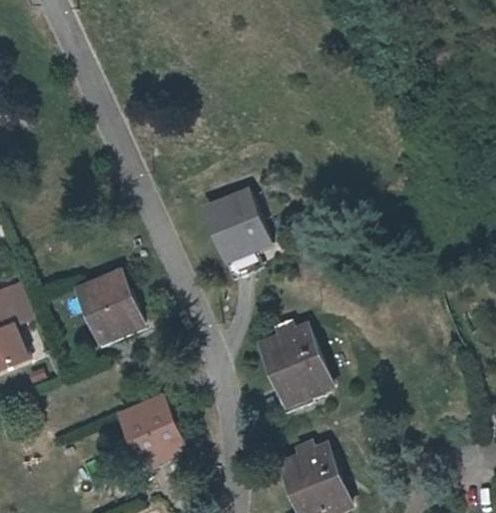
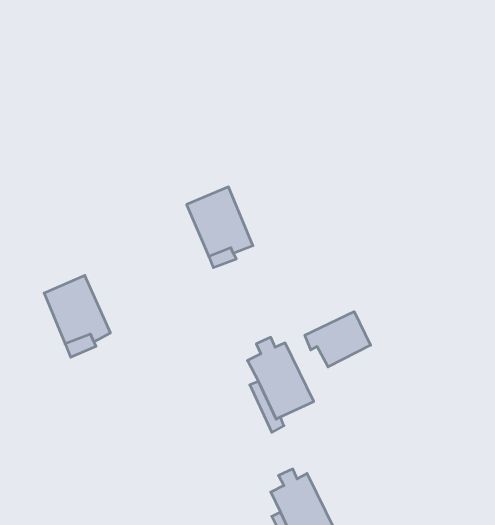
building: none -> [305,312,371,367]
building: [126,396,187,466] -> none

